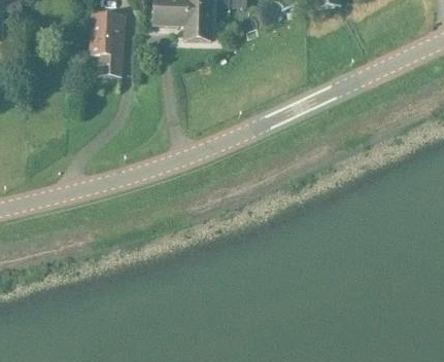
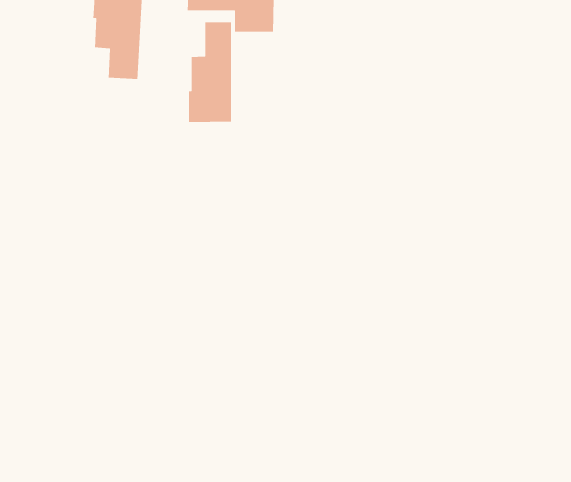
building: none -> [188,22,232,123]

